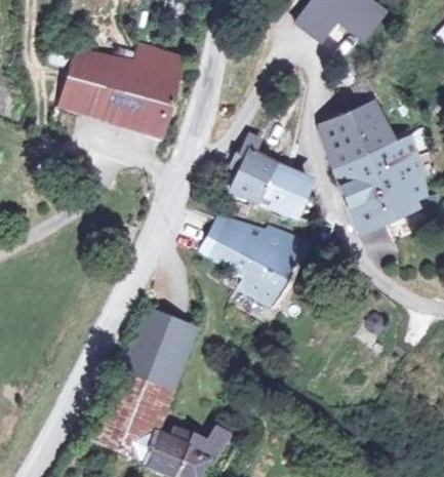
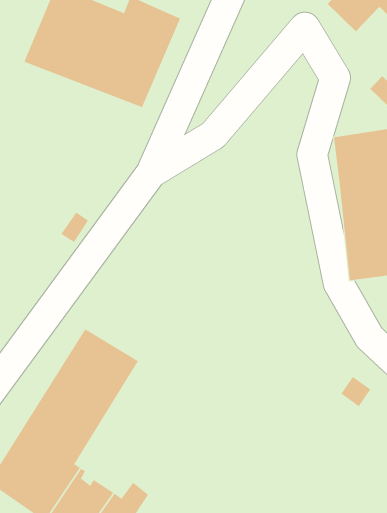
building: [231,136,310,220] -> none
building: [214,225,307,300] -> none

